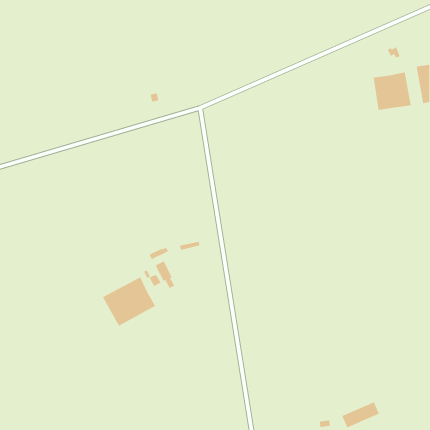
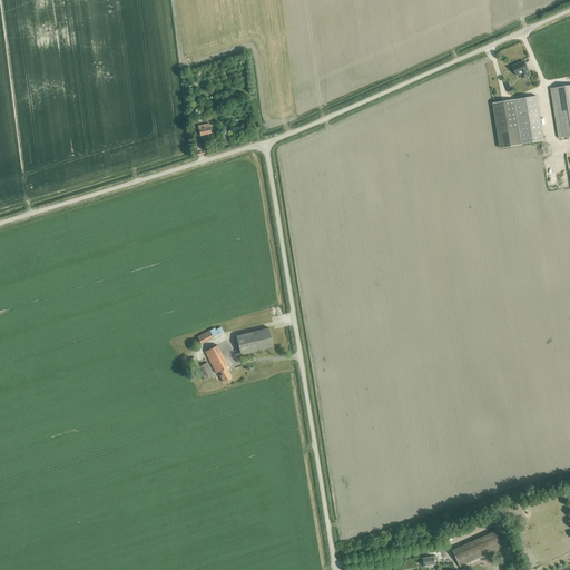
building: none -> [236,326,274,354]
building: [102,277,156,327] -> none

